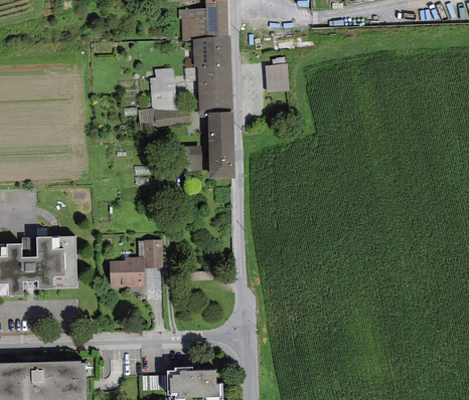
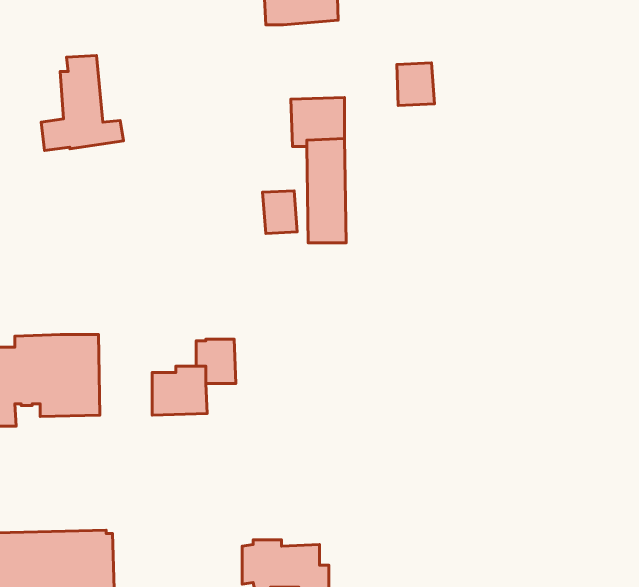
building: [193,36,232,86] -> none
building: [138,67,190,128] -> [41,56,123,150]

